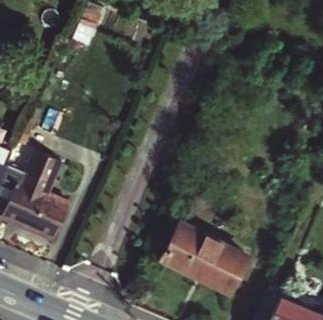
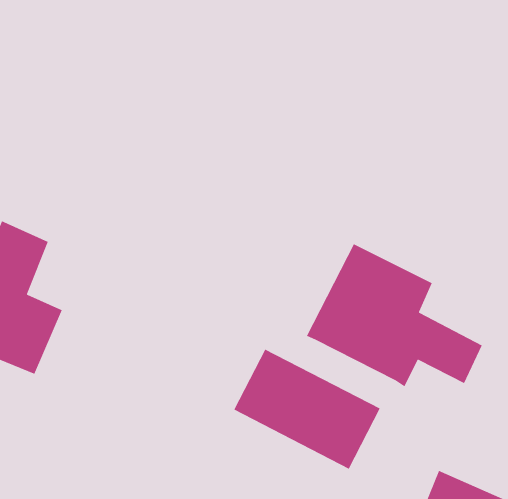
building: none -> [306,243,483,387]

